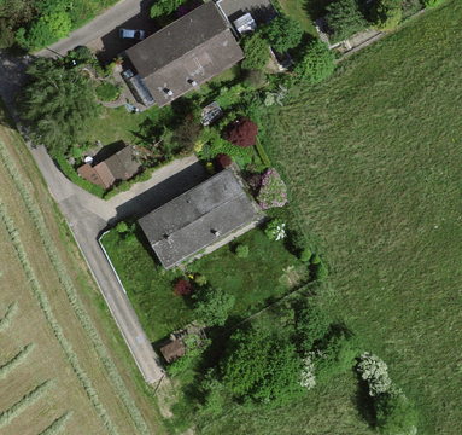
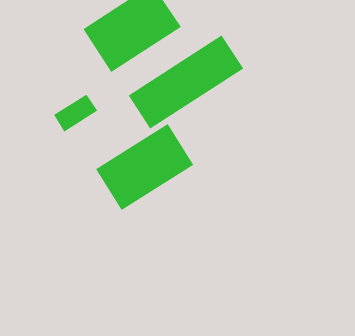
building: none -> [128,35,244,130]

